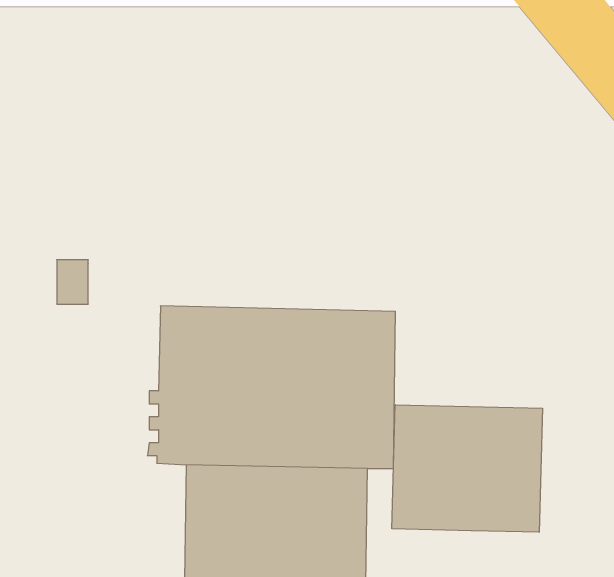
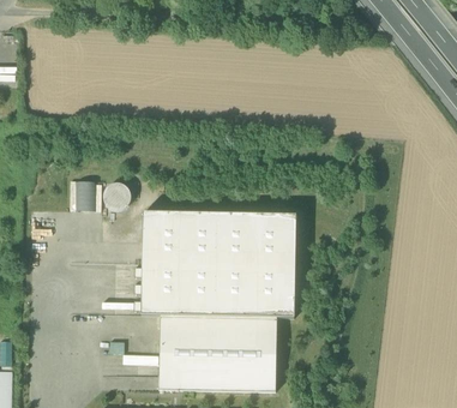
building: none -> [103,182,131,210]
building: [392,405,542,532] -> none

